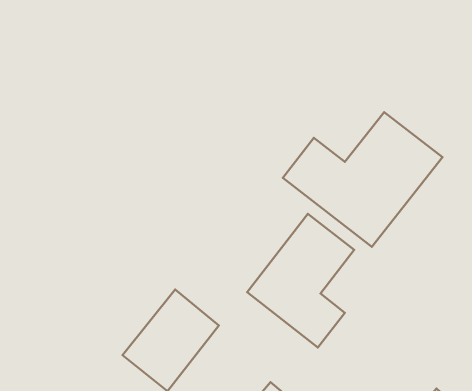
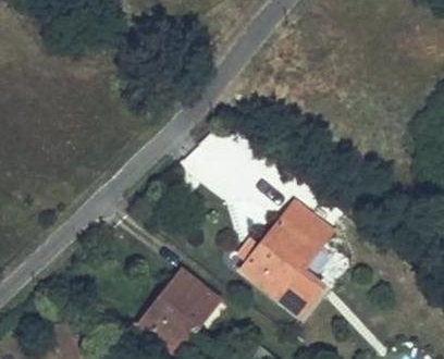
building: [283,112,442,247] -> none

